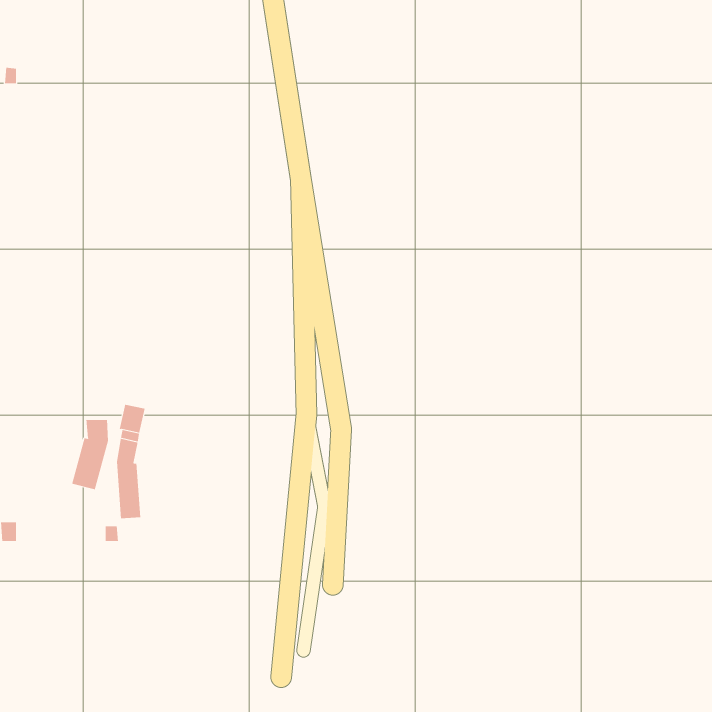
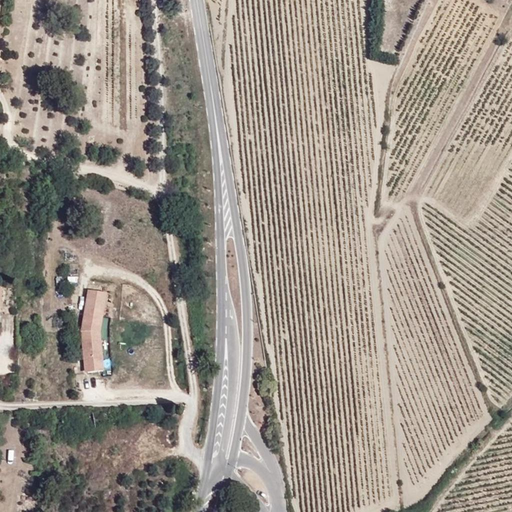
building: [71,419,109,490] -> none

